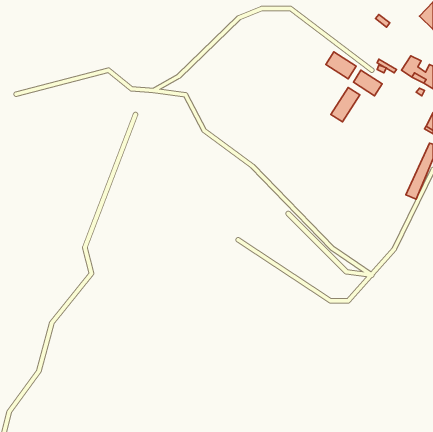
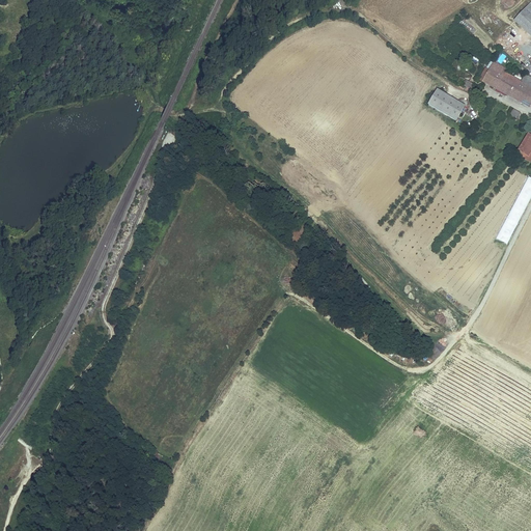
building: [326,52,356,79] -> none
building: [331,88,360,122] -> none

